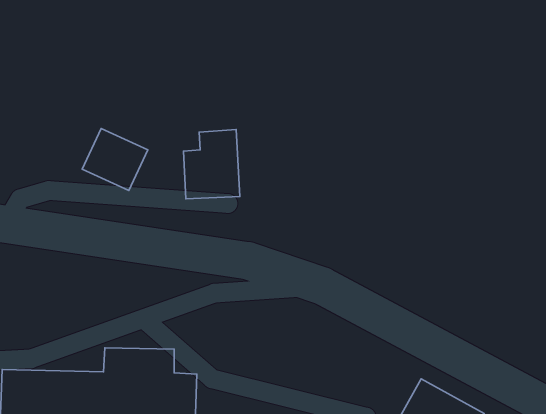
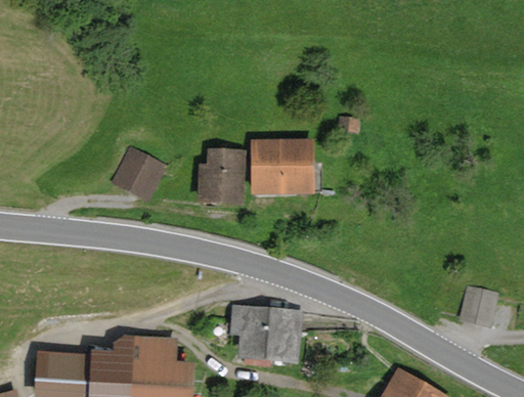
building: none -> [250,142,314,191]
building: none -> [456,285,494,324]
building: none -> [230,307,304,362]

